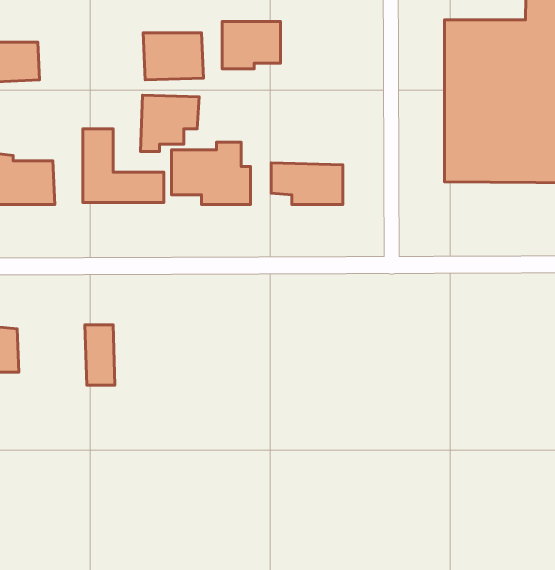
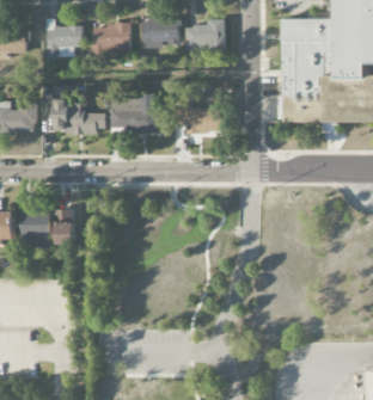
building: none -> [185,19,225,51]
building: [141,95,199,152] -> [45,26,82,62]
building: none -> [20,210,51,248]

